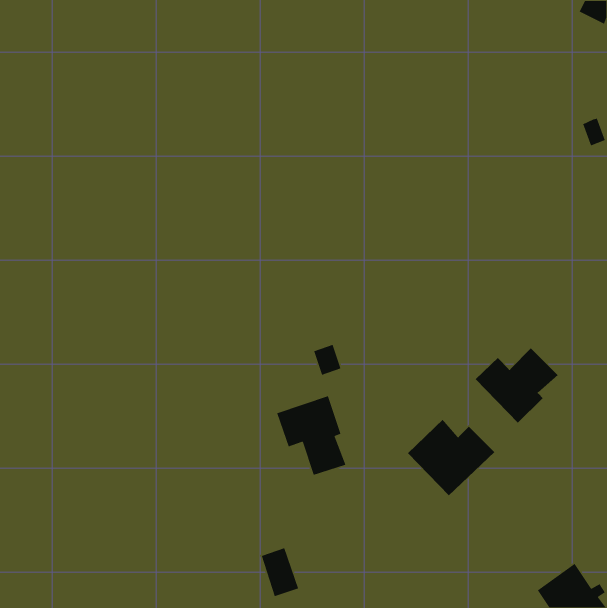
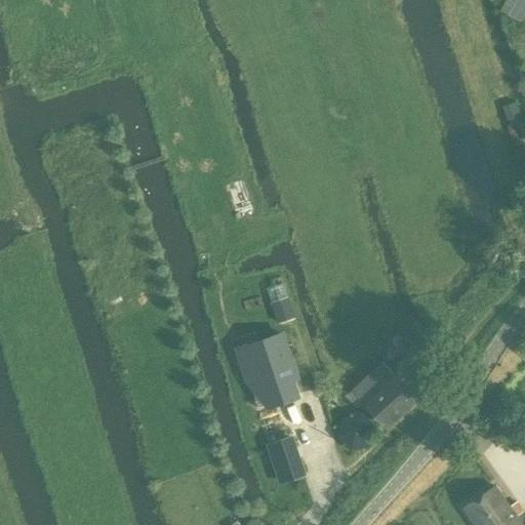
building: [475,348,558,423] -> none
building: [261,547,299,597] -> [269,438,301,481]

